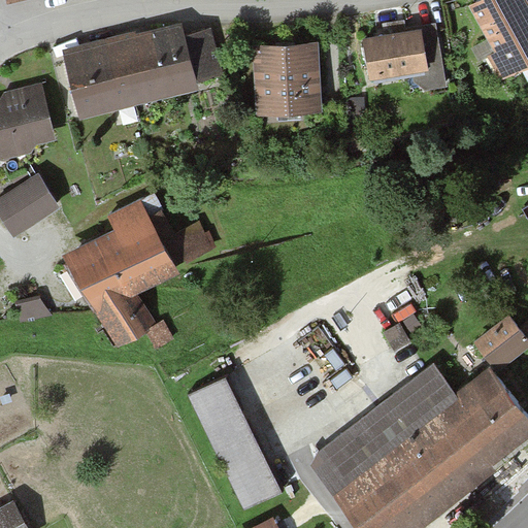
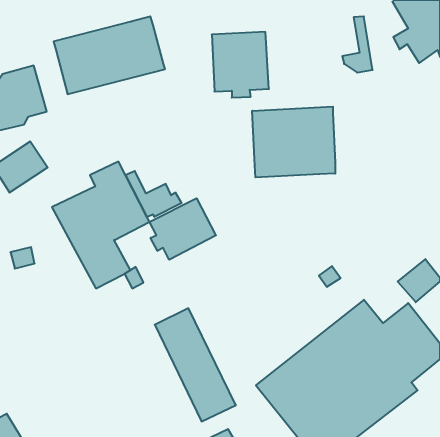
building: [360,26,429,79] -> none
building: [183,28,222,81] -> none
building: none -> [252,107,335,177]
building: none -> [150,198,216,260]

